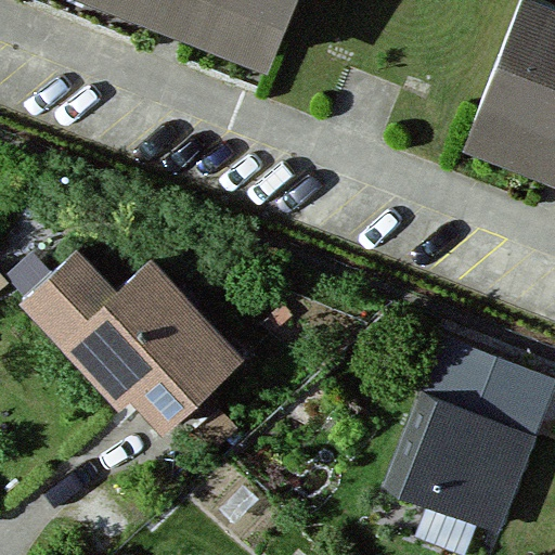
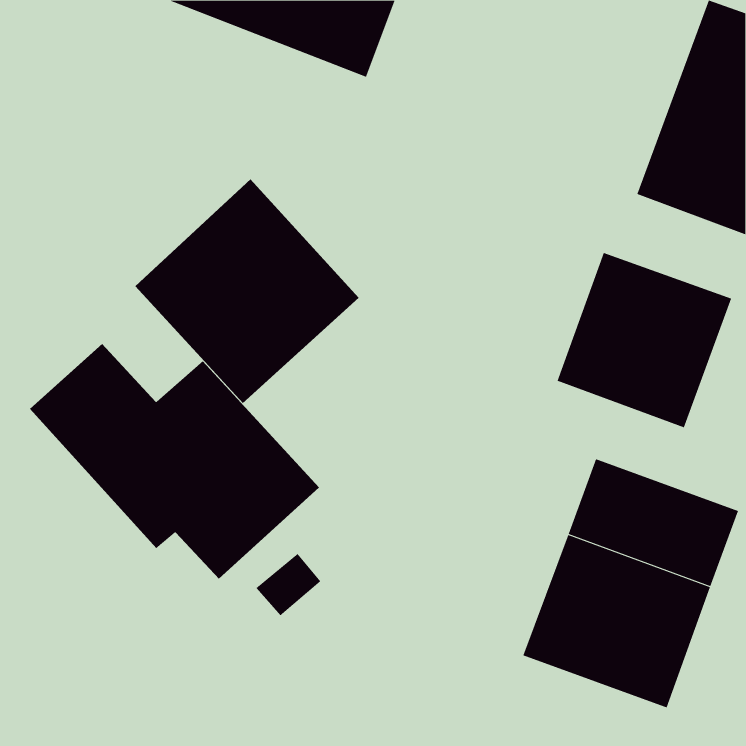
building: none -> [134,178,359,404]
building: none -> [557,252,732,428]

